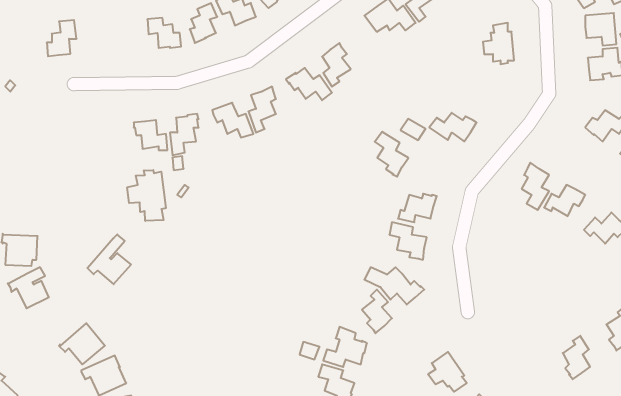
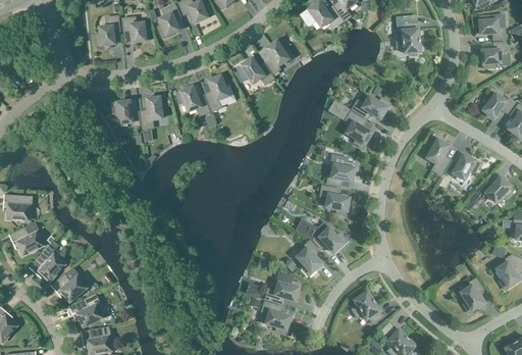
building: [47,20,77,56] -> [95,16,119,46]
building: [375,132,408,177] -> [346,111,373,148]
building: [127,170,166,221] -> none
building: [87,234,131,284] -> [29,240,64,281]

